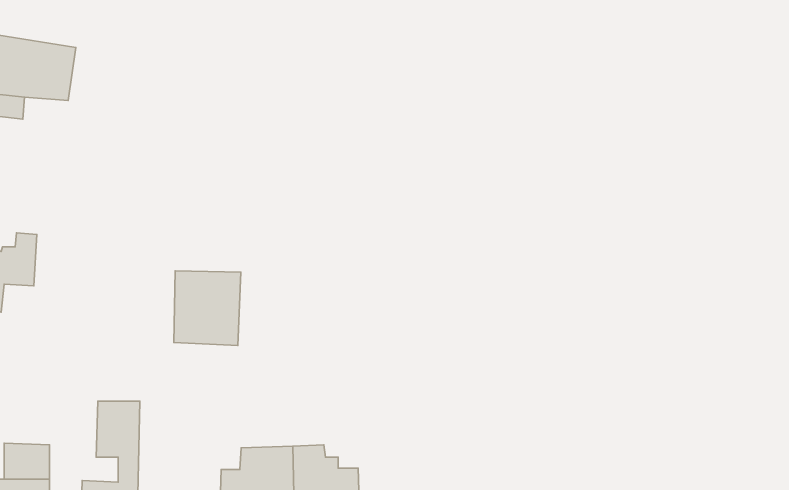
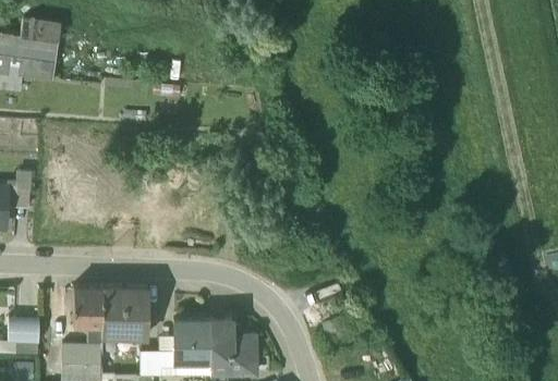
building: none -> [21,15,61,40]
building: [174,271,241,346] -> [101,287,148,340]

